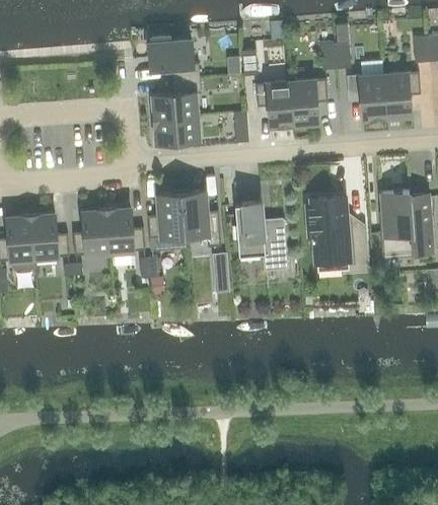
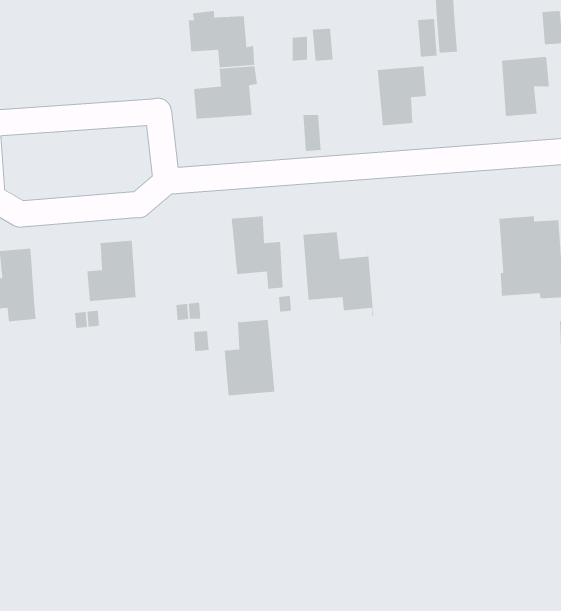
building: [346,75,386,120] -> none
building: [256,82,294,127] -> none
building: [154,117,199,144] -> none
building: [147,194,186,251] -> [224,319,275,396]
building: [307,197,367,273] -> none
building: [106,209,145,254] -> none
building: [30,215,69,260] -> none

